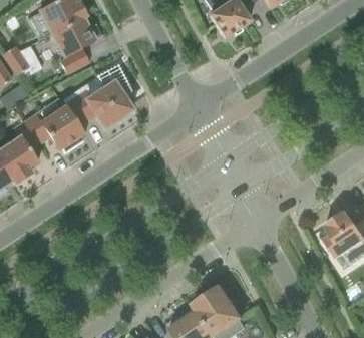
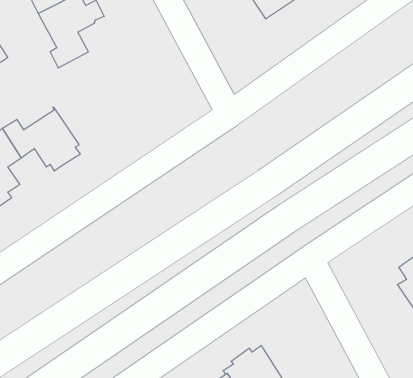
building: [62,64,130,132] -> none

